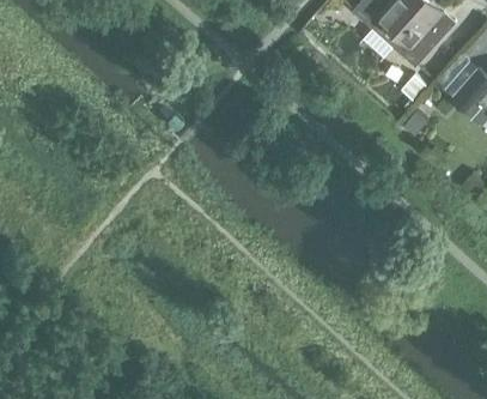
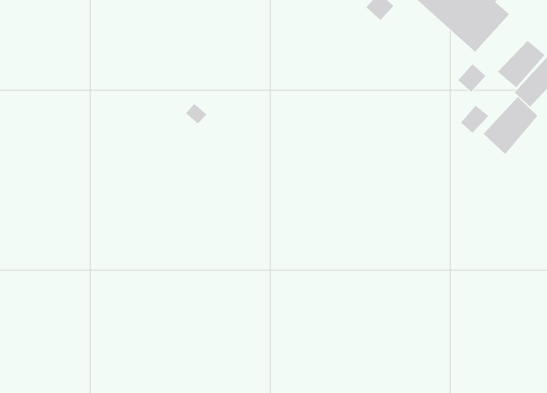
building: none -> [483,96,538,155]

